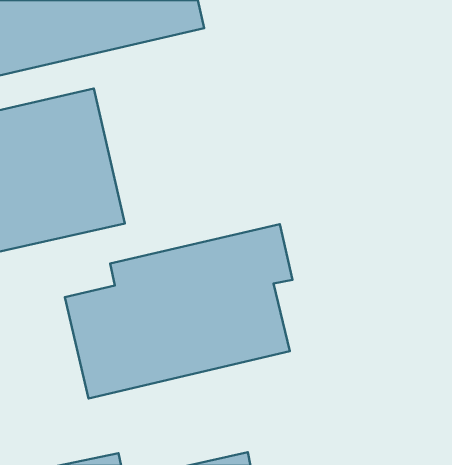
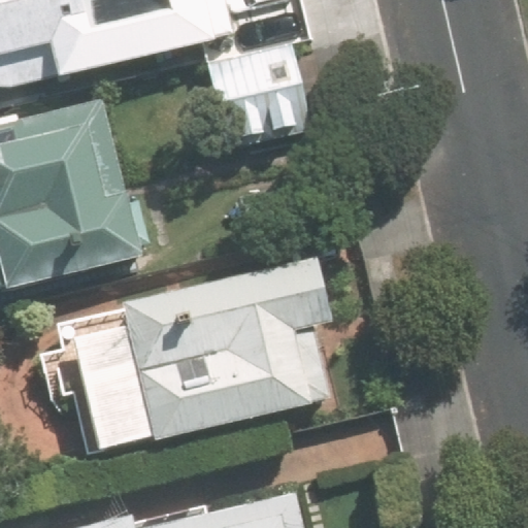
building: none -> [207,44,308,145]

